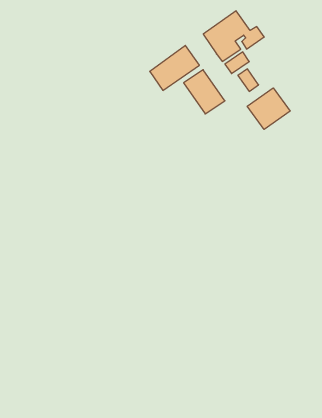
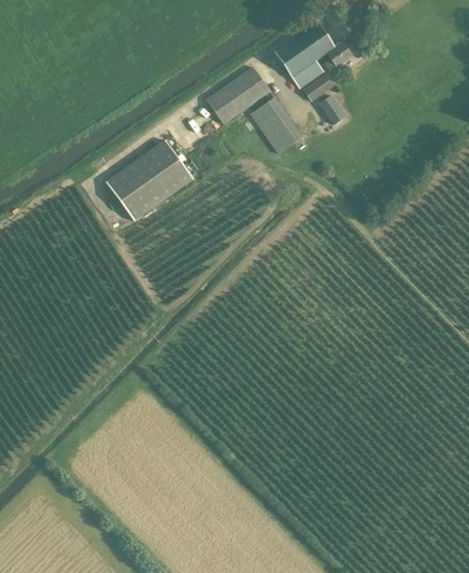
building: [247,88,290,129] -> none
building: none -> [105,138,192,219]

